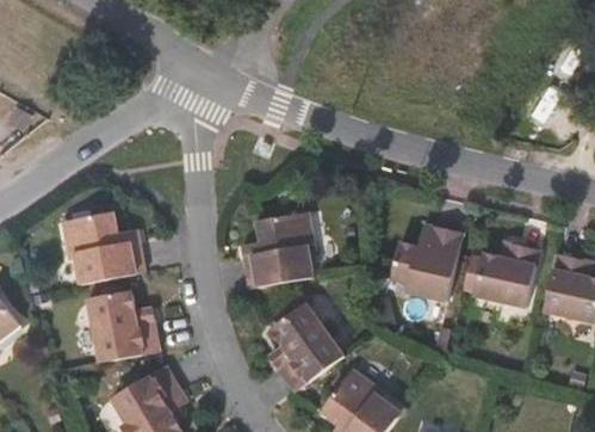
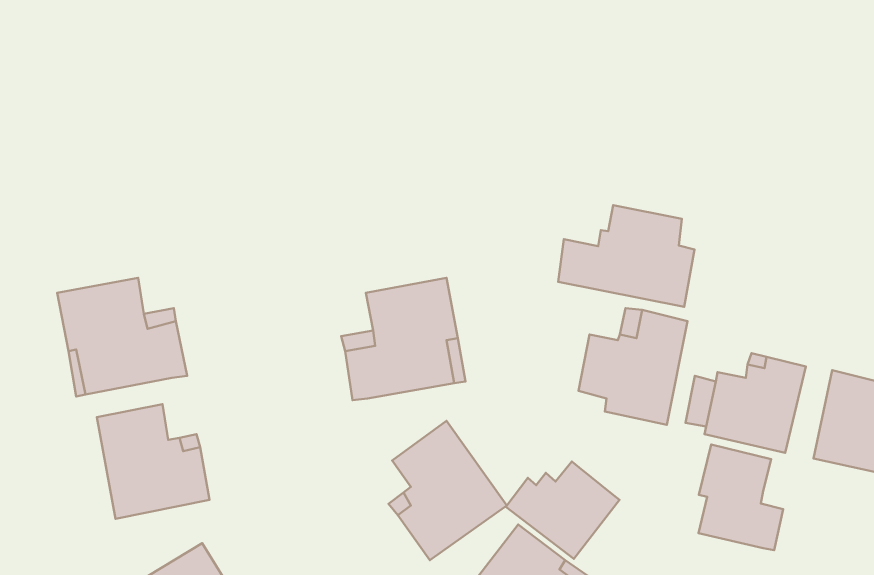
building: none -> [558,205,695,307]
building: none -> [699,444,783,550]
building: none -> [506,462,620,559]

